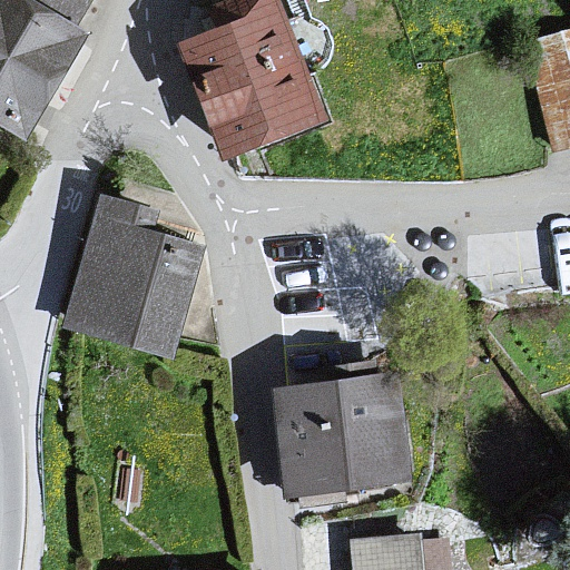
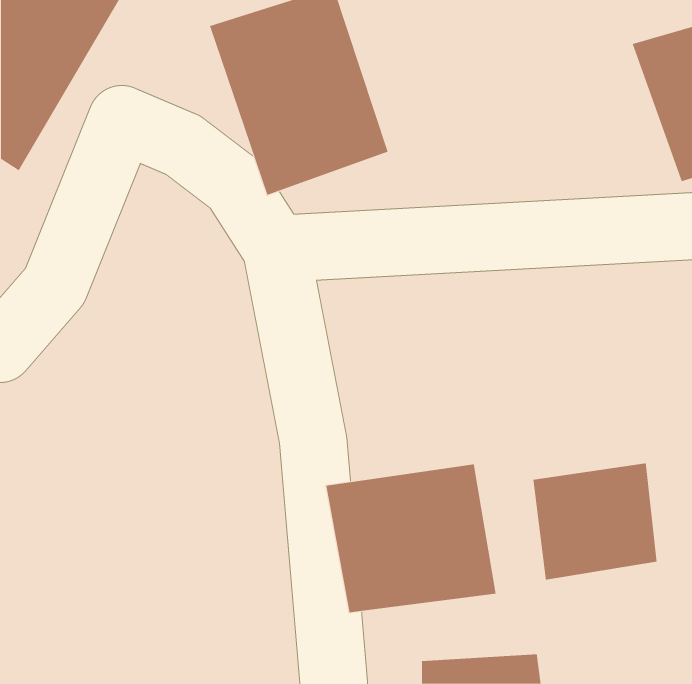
building: [65,196,198,361] -> none
building: none -> [533,463,657,580]

